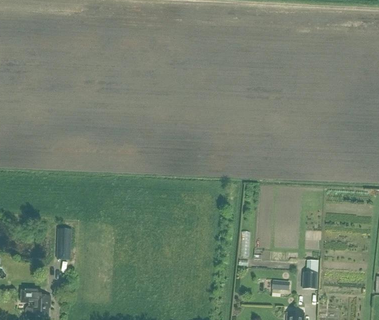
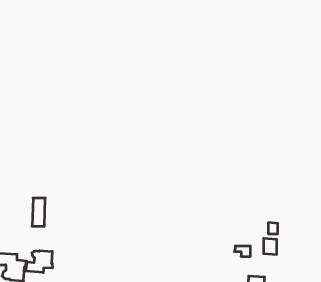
building: none -> [26,251,52,273]

